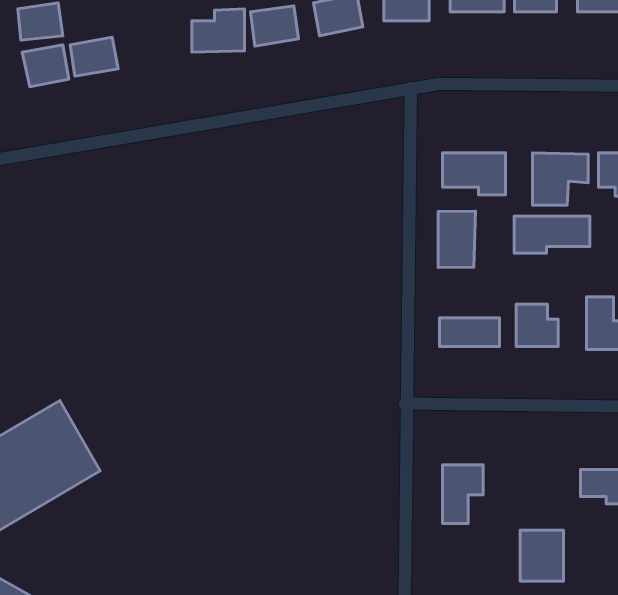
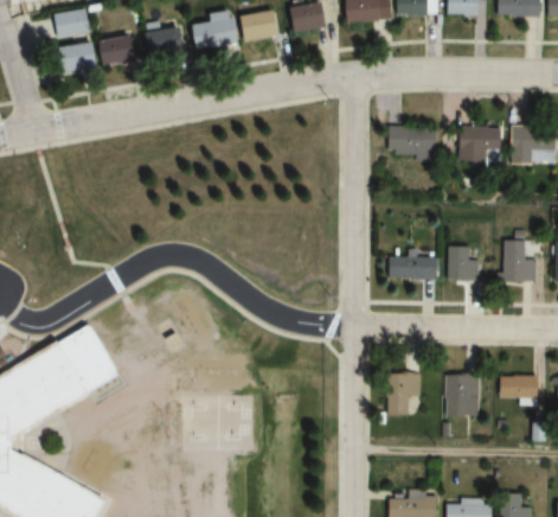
building: none -> [143,21,184,57]
building: [438,211,475,267] -> none
building: [514,216,590,253] -> none
building: [520,530,564,581] -> [445,375,480,415]

